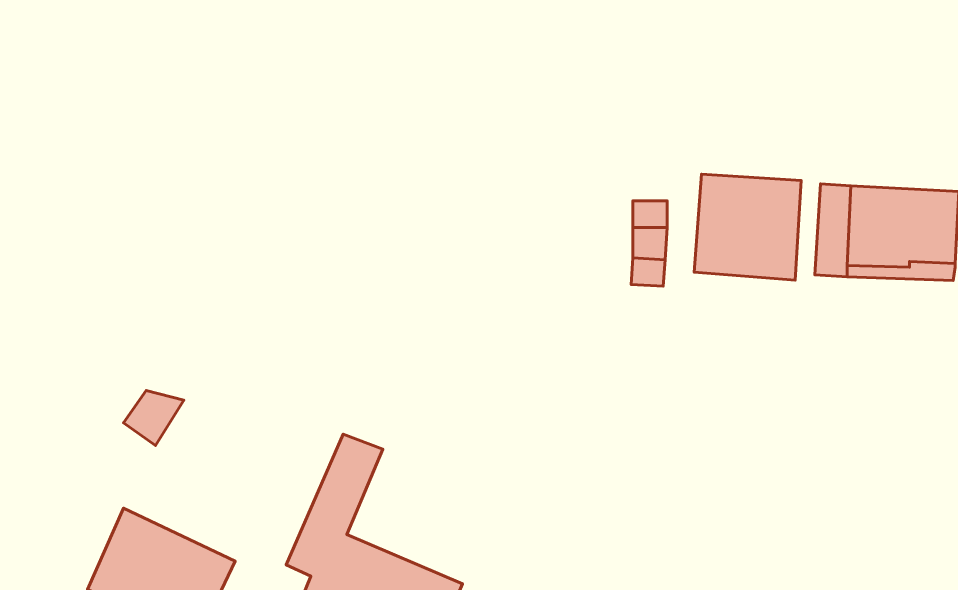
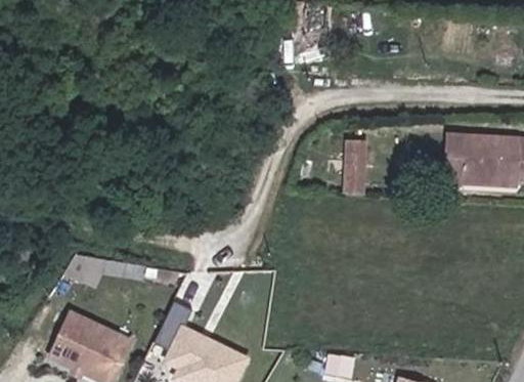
building: [694,174,801,280] -> none

